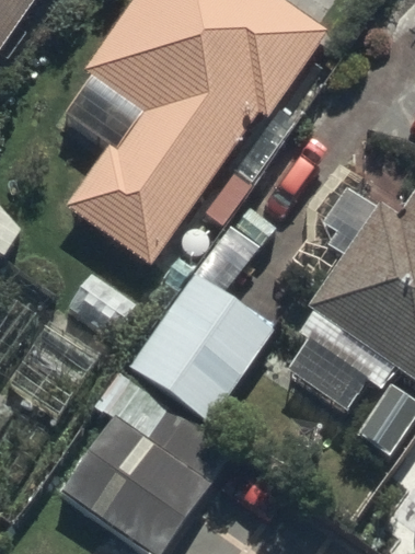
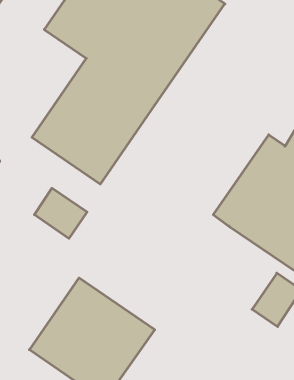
building: [128,269,277,424] -> none

